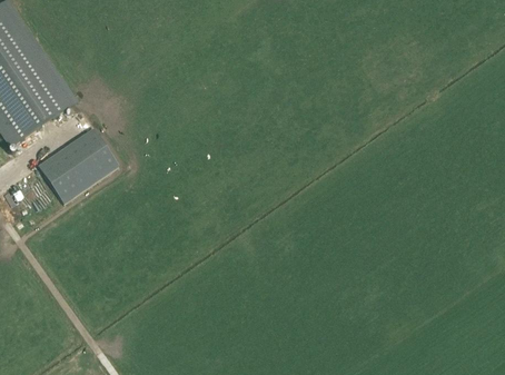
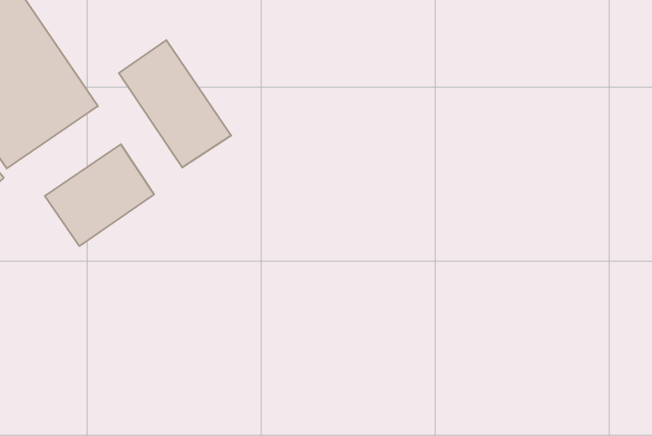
building: none -> [119,40,231,168]

